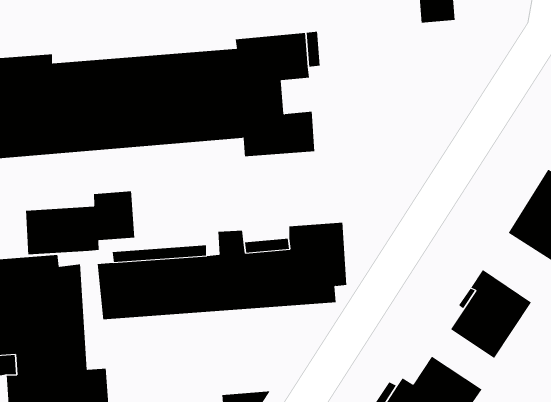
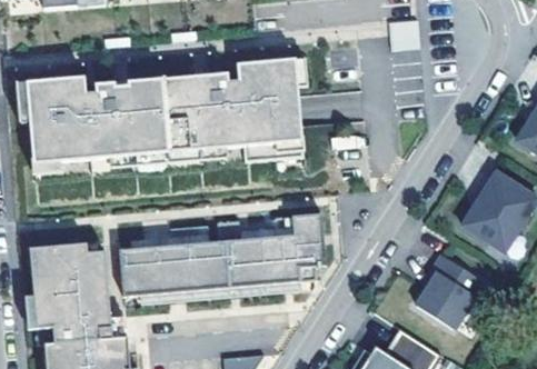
building: [26,190,135,255] -> none

